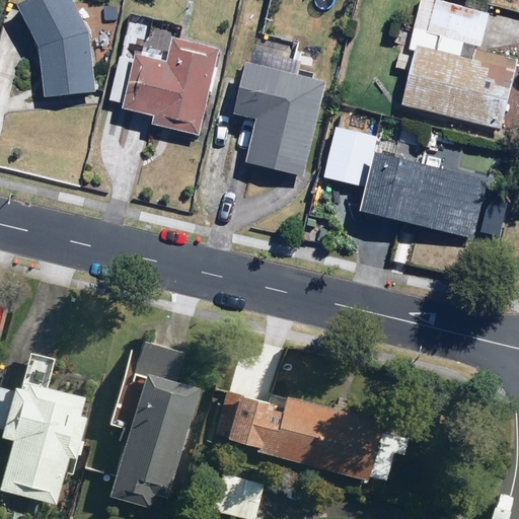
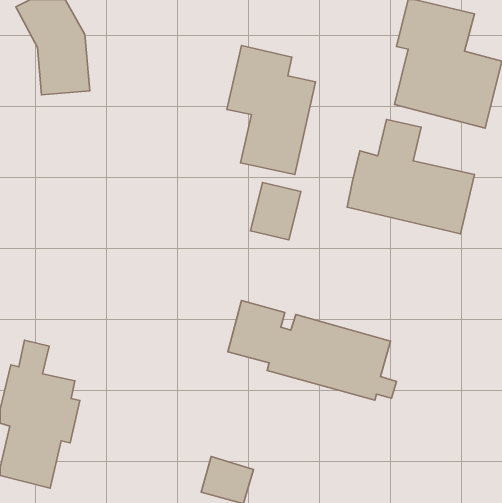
building: [110,41,219,137] -> none
building: [324,129,376,188] -> [251,183,301,240]
building: [109,338,197,503] -> none
building: [215,377,388,479] -> [228,301,396,400]

